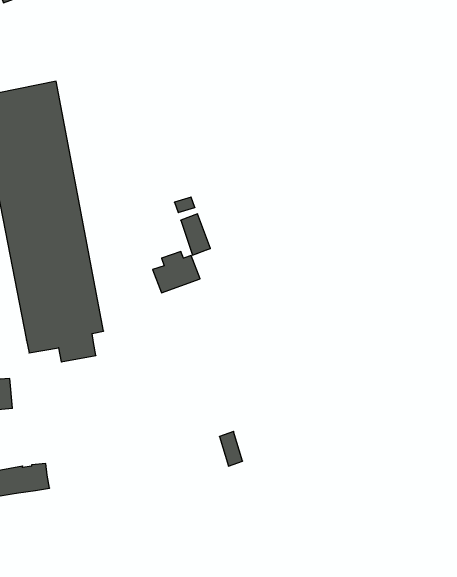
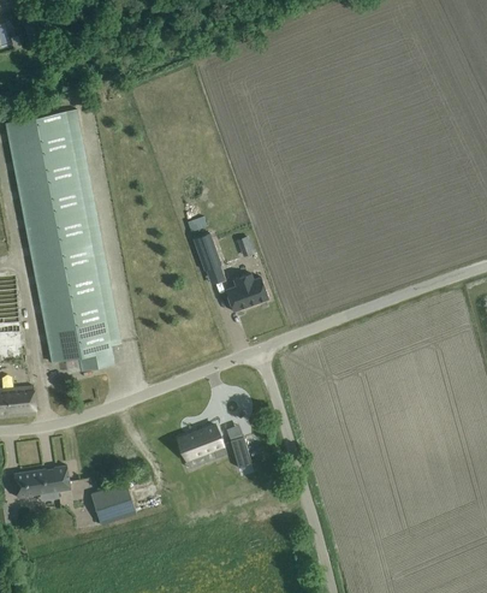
building: [153,252,200,293] -> [224,274,268,313]
building: none -> [177,426,225,469]
building: none -> [89,484,135,526]

